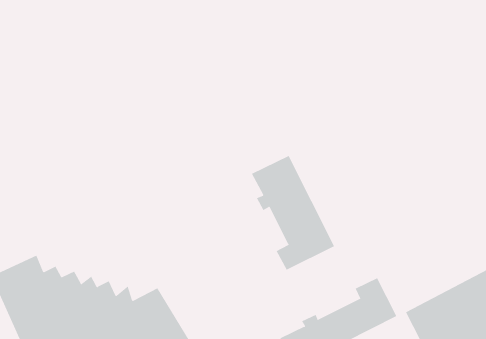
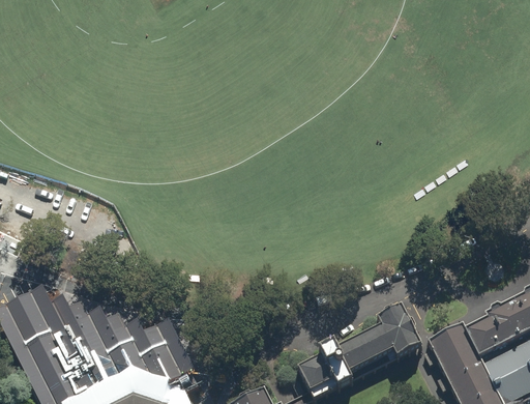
building: [251,155,335,271] -> none

